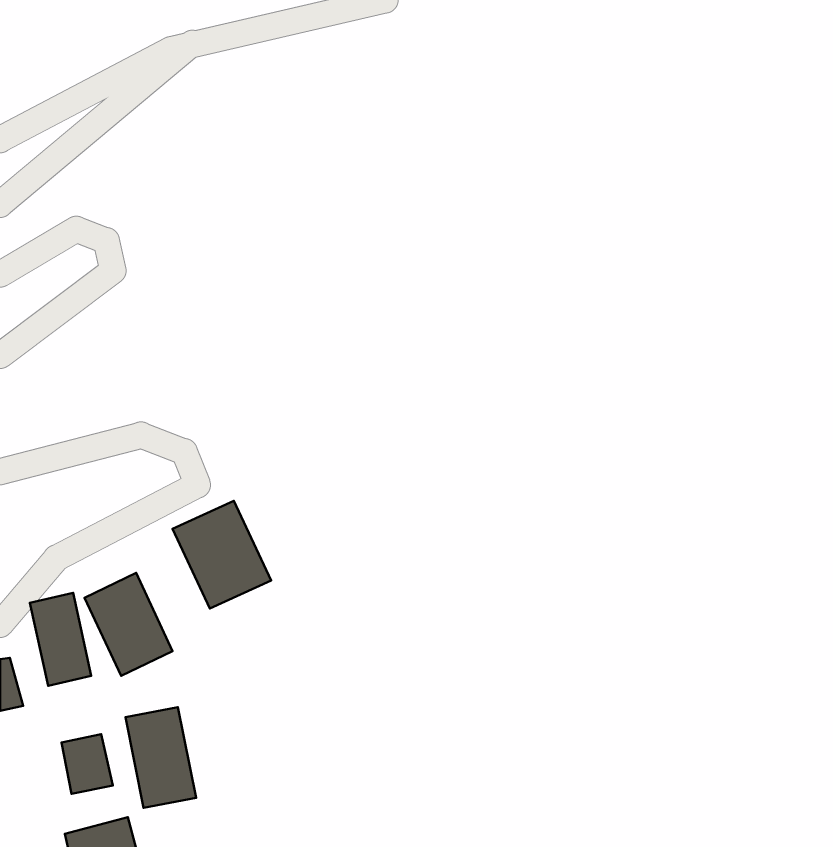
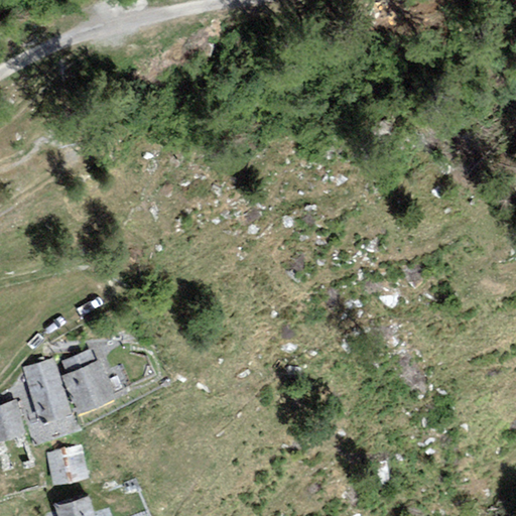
building: [173,501,271,608] -> none
building: [125,707,196,808] -> none

